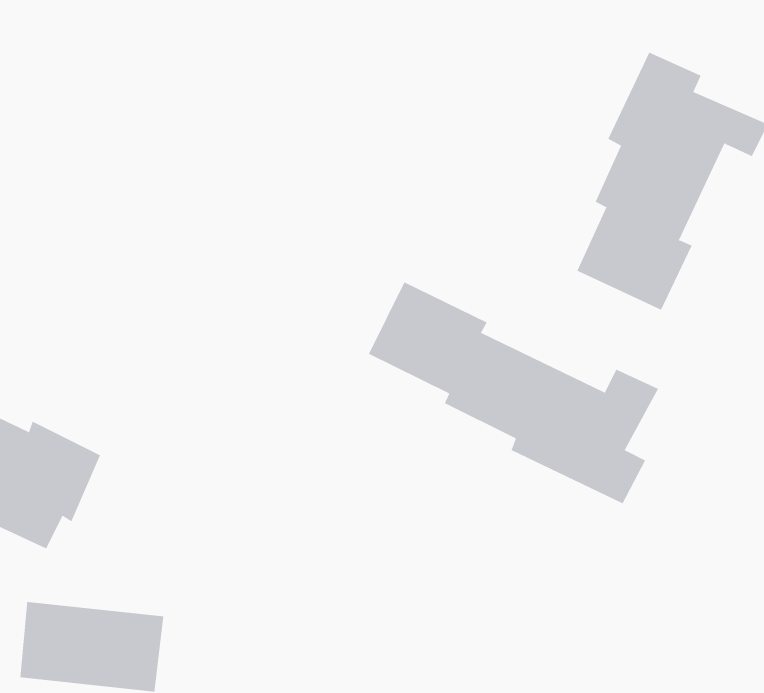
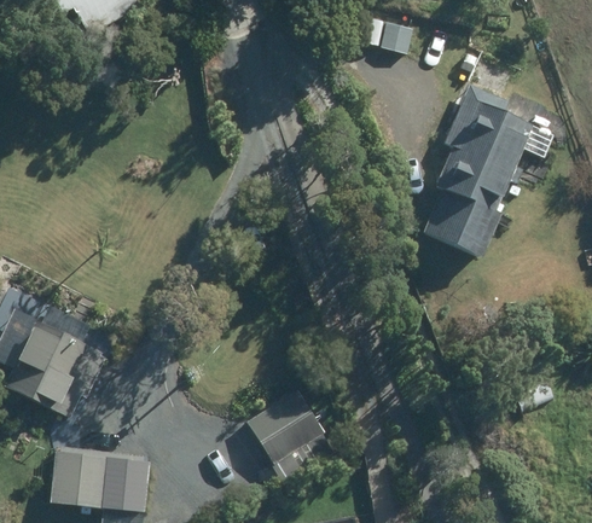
building: [368,282,659,504] -> none
building: none -> [249,389,324,461]

